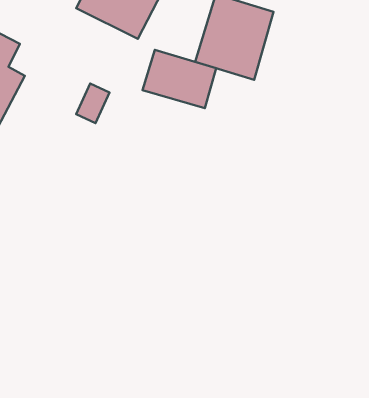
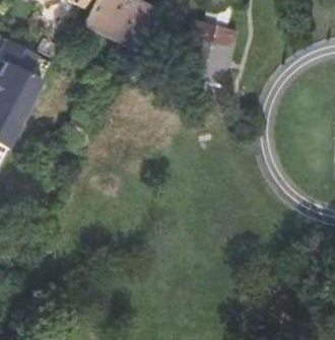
building: [143,50,216,108] -> none

